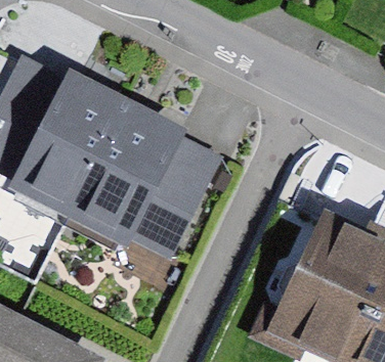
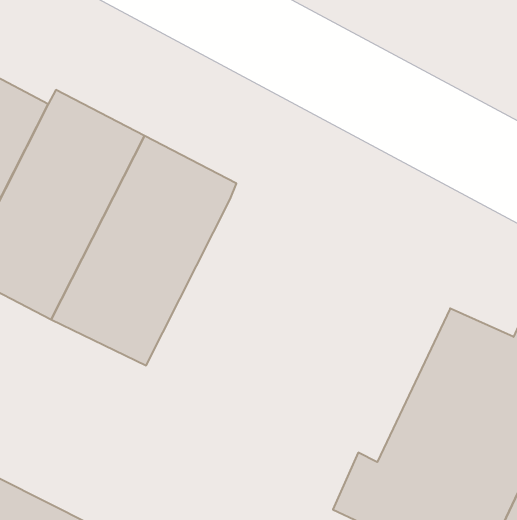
building: [133,139,225,263] -> none

